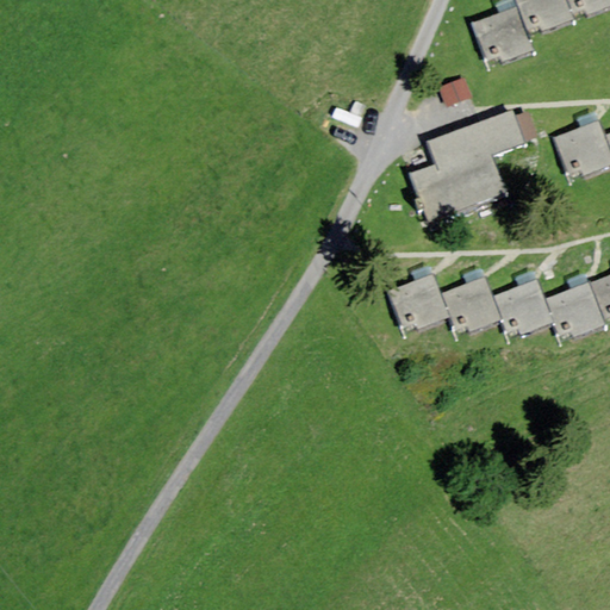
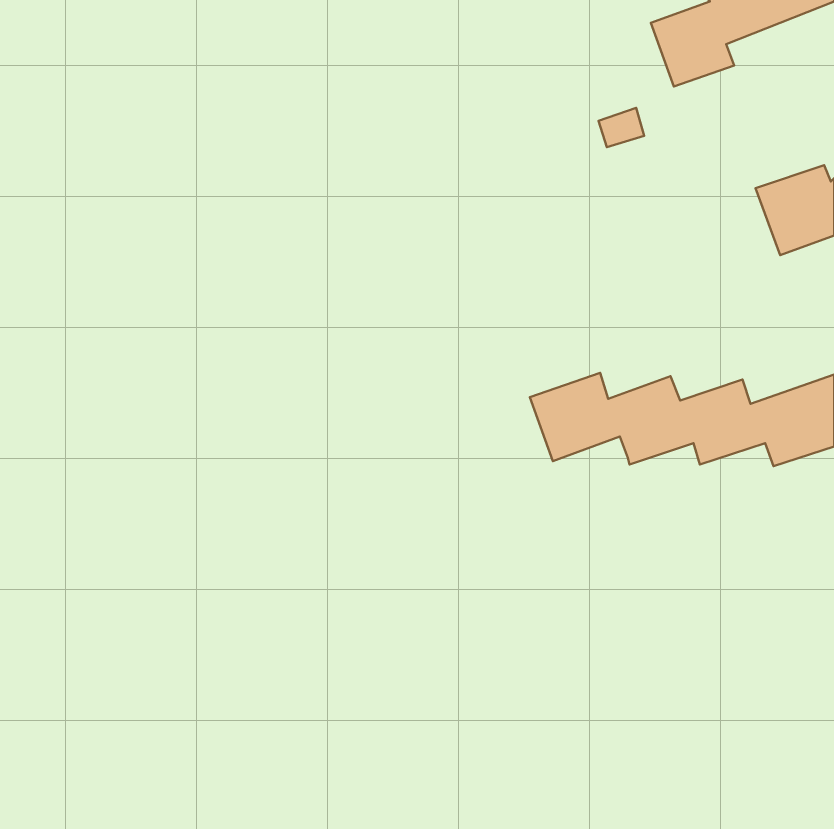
building: [415,111,522,213] -> none

